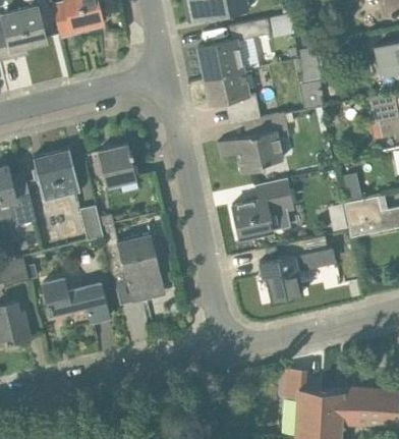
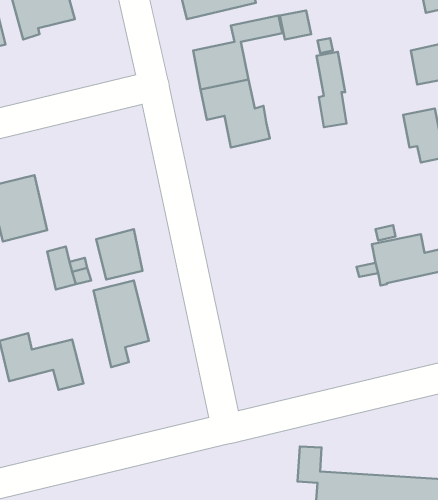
building: [218,114,289,174] -> none
building: [98,145,135,185] -> [96,229,143,279]
building: [231,179,293,238] -> none
building: [259,236,340,299] -> none

